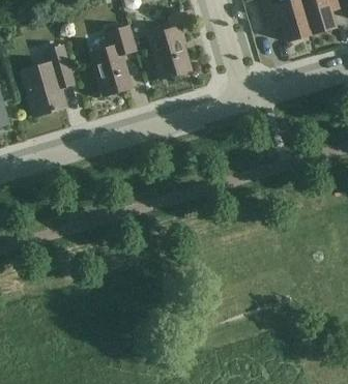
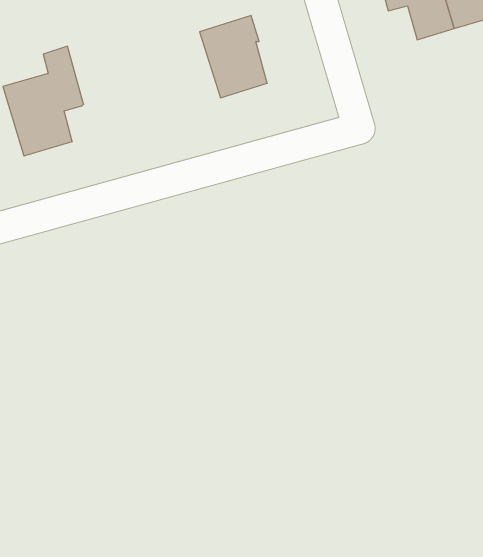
building: [90,25,136,94] -> none

